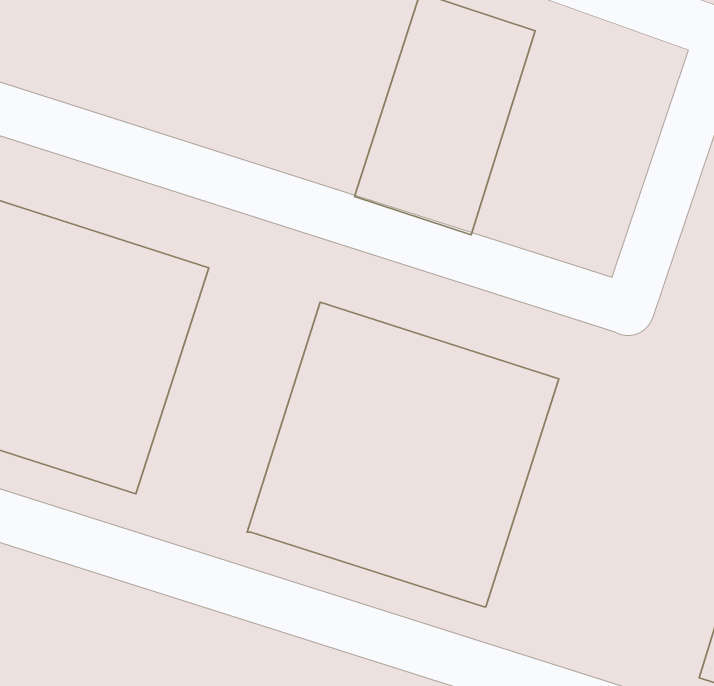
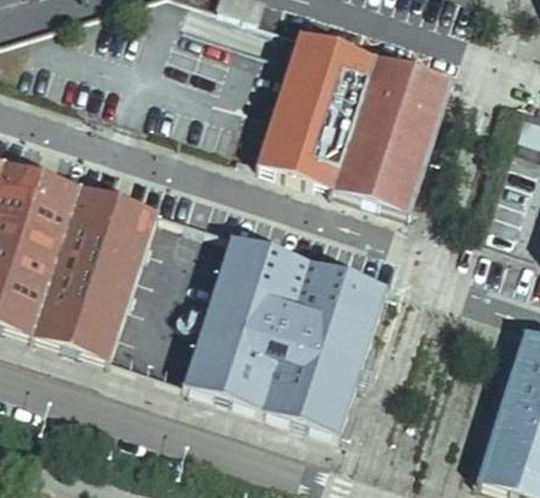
building: none -> [330,52,450,210]

